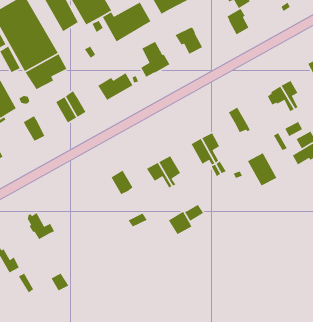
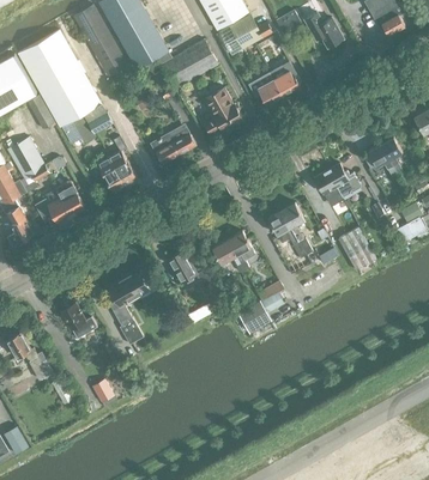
building: [227,8,250,35] -> [271,61,300,96]
building: none -> [326,163,361,198]
building: none -> [35,194,71,223]
building: none -> [108,268,153,344]

